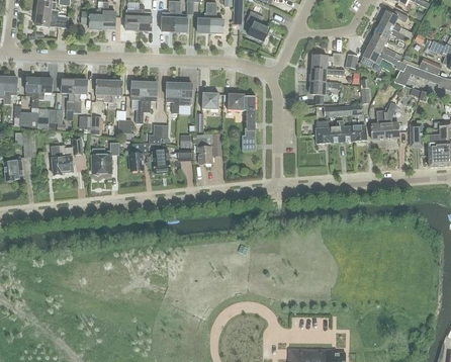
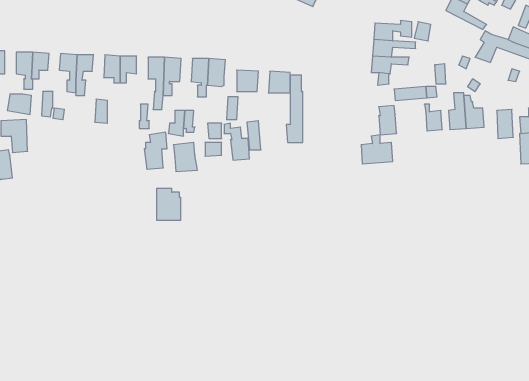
building: [360,44,400,68] -> none
building: [329,119,354,143] -> [361,135,393,164]
building: [51,138,82,175] -> none
building: [92,148,111,173] -> [157,188,181,220]

